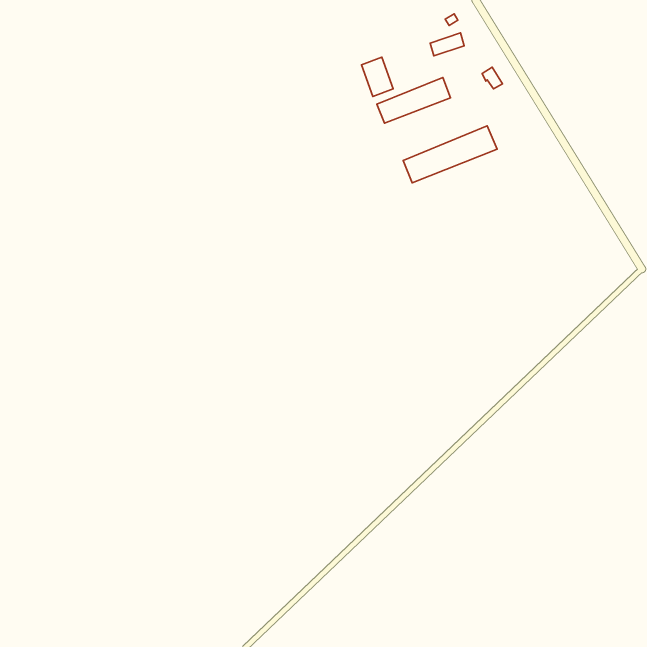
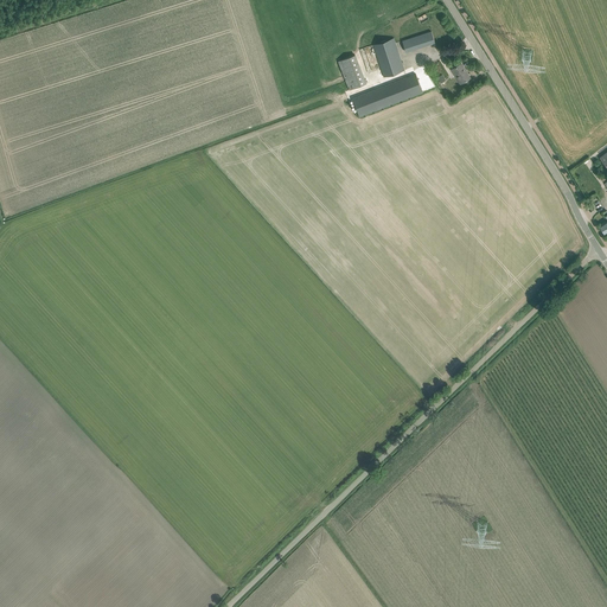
building: none -> [372,38,403,77]
building: [403,126,497,183] -> none

